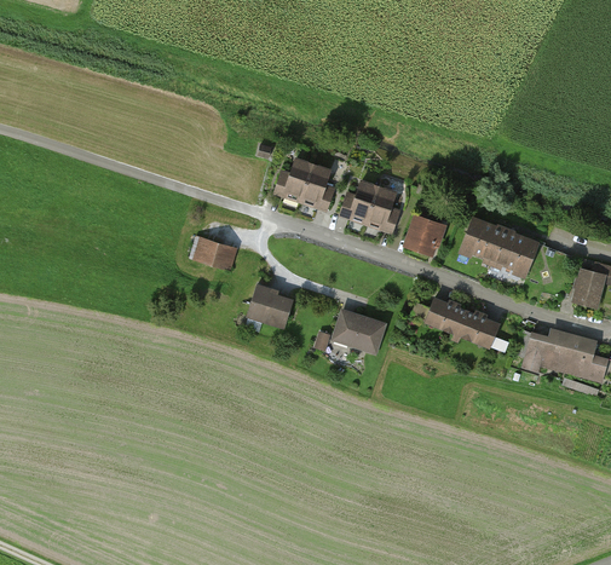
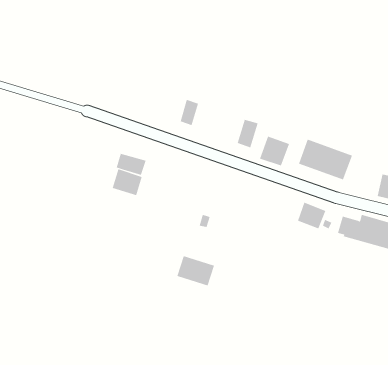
building: [304,166,333,203] -> none
building: [348,181,380,224] -> none
building: [247,287,292,327] -> [112,168,143,196]
building: [425,296,467,338] -> none
building: [330,310,386,354] -> [177,256,215,286]

